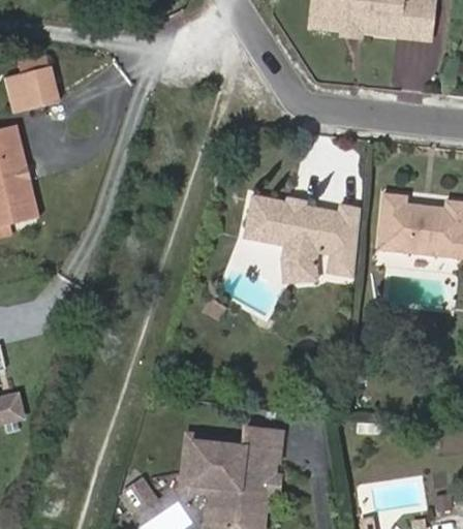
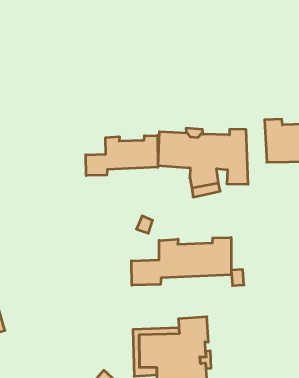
building: none -> [86,135,158,176]
building: none -> [131,237,231,285]

